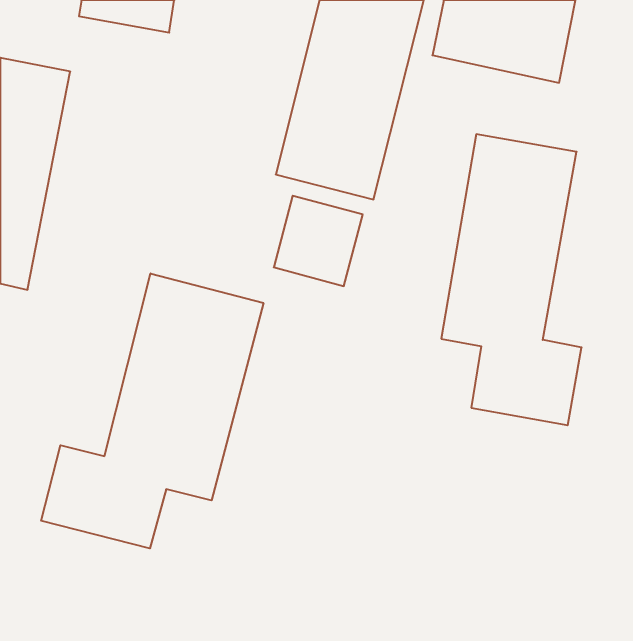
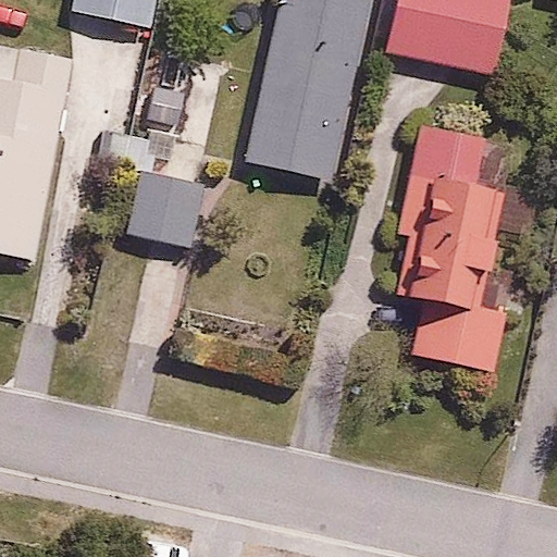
building: [274,196,363,286] -> [133,168,210,246]
building: [41,273,263,548] -> none

